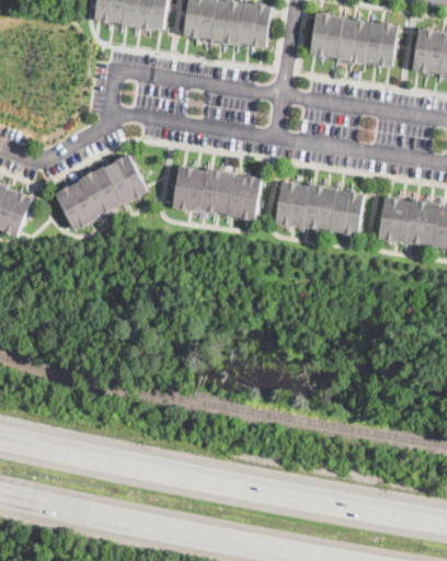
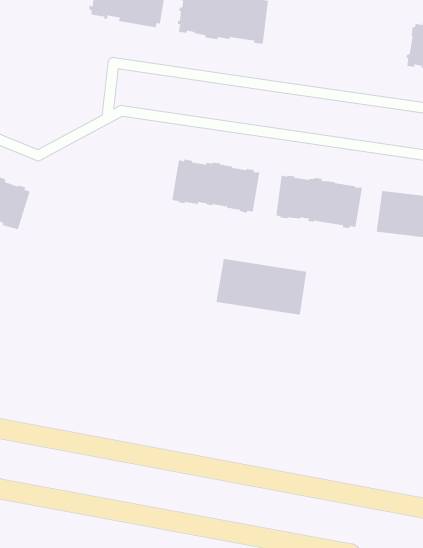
building: [306,13,398,70] -> none
building: [55,154,147,230] -> none
building: none -> [216,258,307,316]

